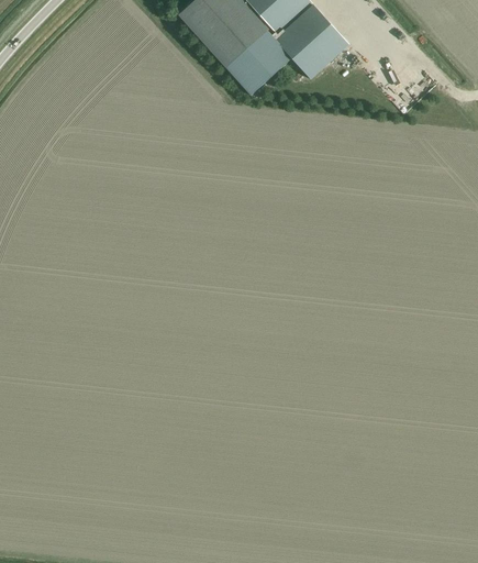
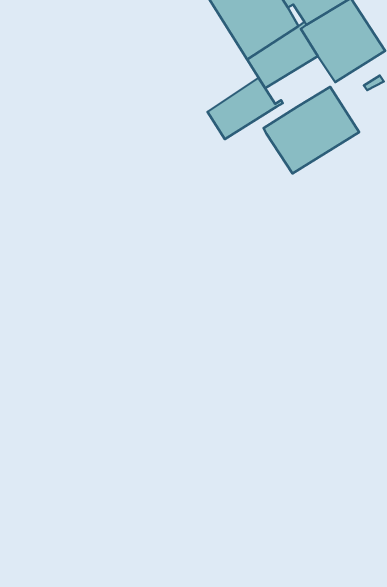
building: none -> [263,87,359,173]
building: none -> [207,78,283,139]

